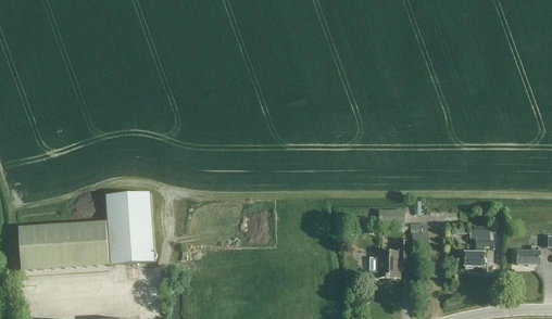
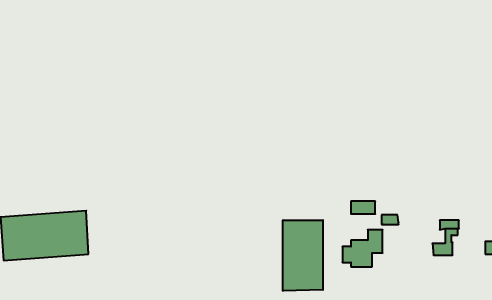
building: [105,192,153,264] -> none
building: none -> [283,220,323,291]

